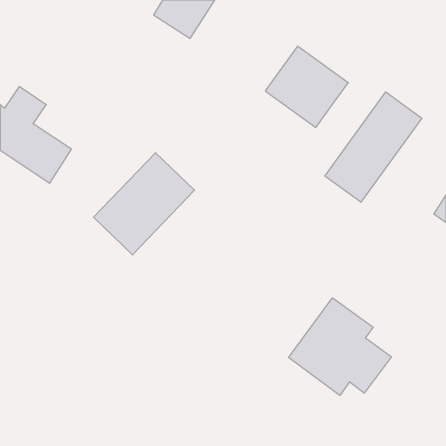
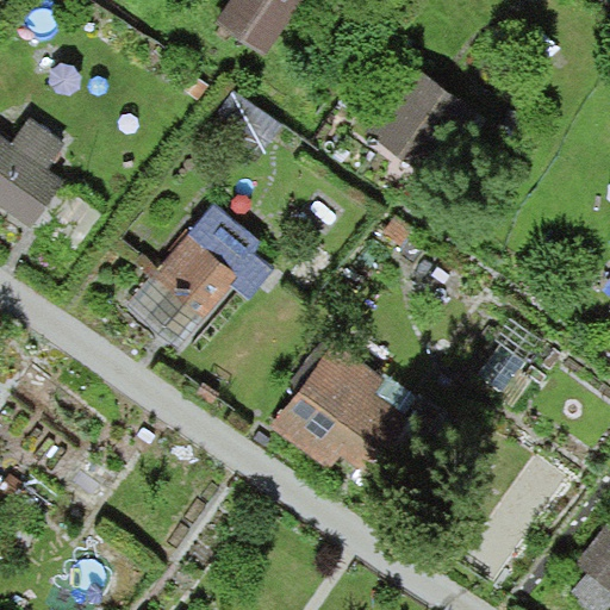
building: [325,92,422,202] -> none
building: [289,298,392,396] -> [268,340,409,473]

